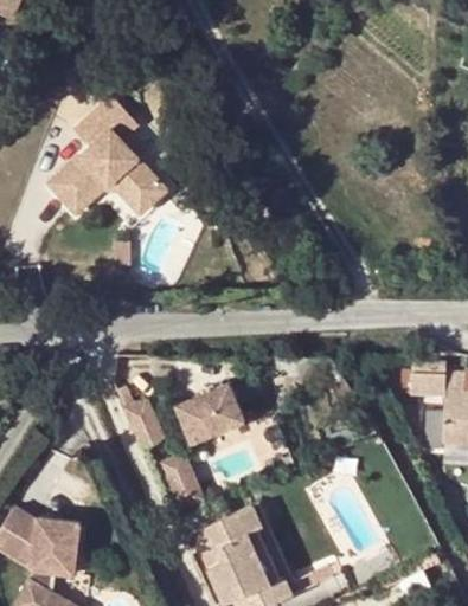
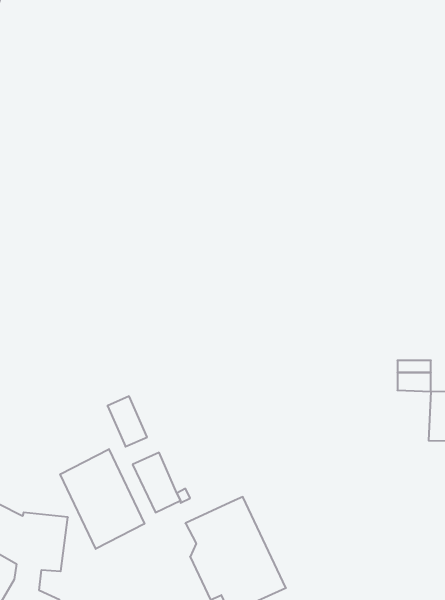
building: [41,90,161,212] -> none
building: [174,381,245,443] -> none
building: none -> [60,449,144,549]

